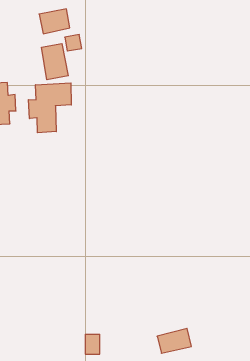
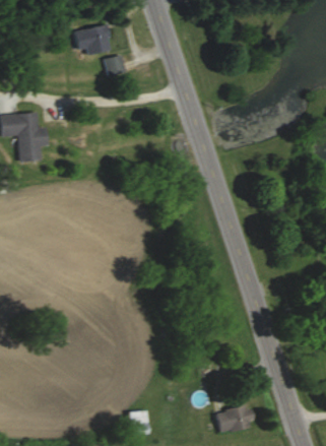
building: [42,44,68,80] -> none
building: [29,83,71,133] -> none

